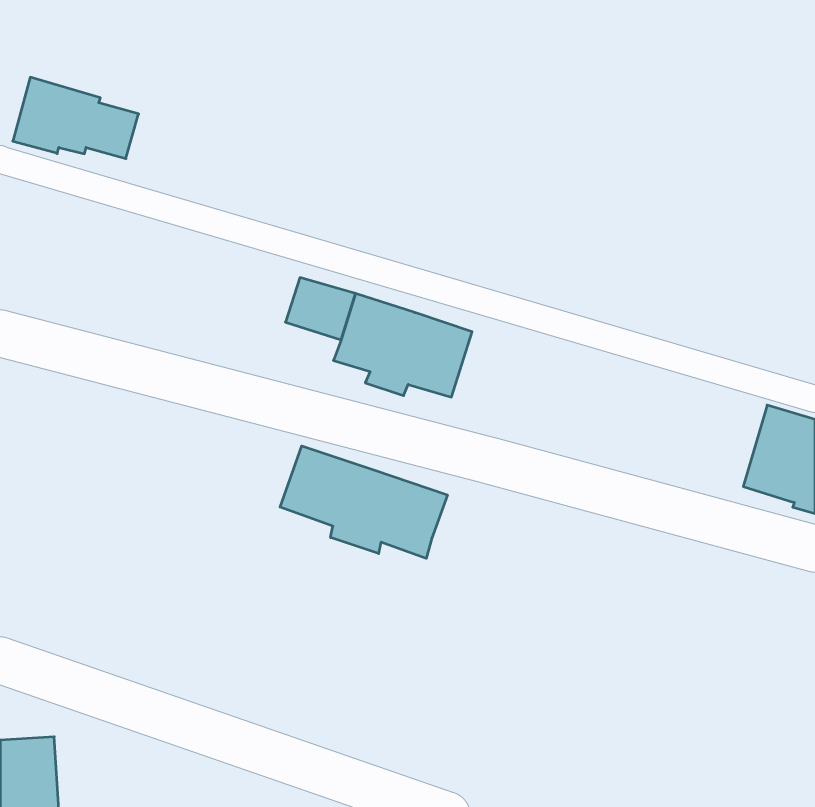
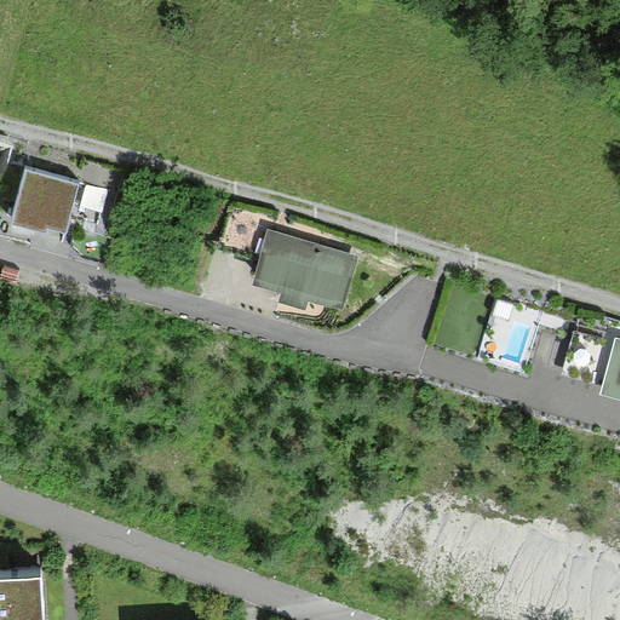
building: [13,77,139,159] -> [13,172,109,234]
building: [280,446,447,558] -> none

